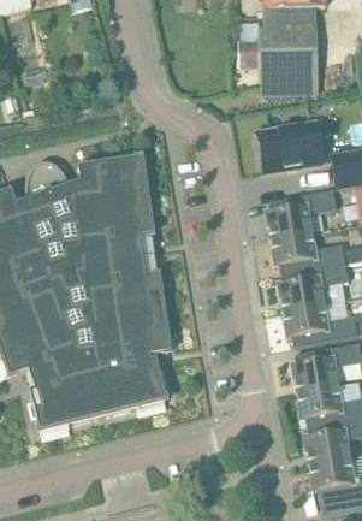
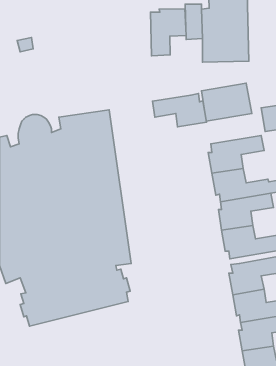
building: none -> [150,9,186,56]
building: none -> [152,93,206,127]

